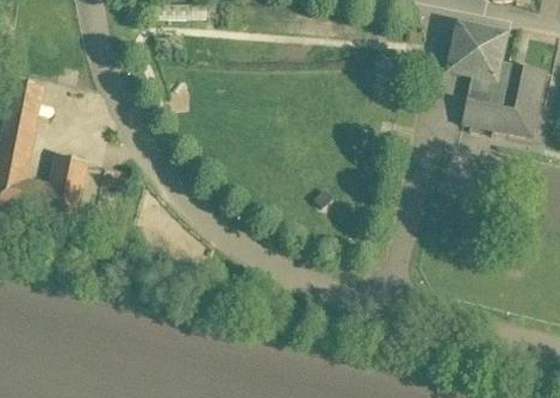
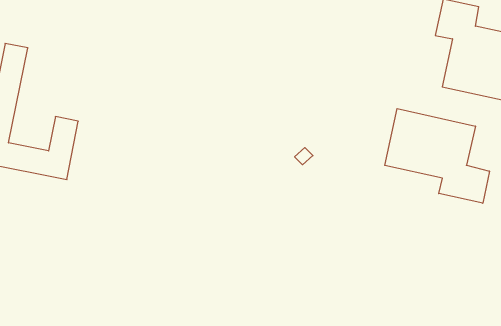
building: none -> [385,109,489,203]

